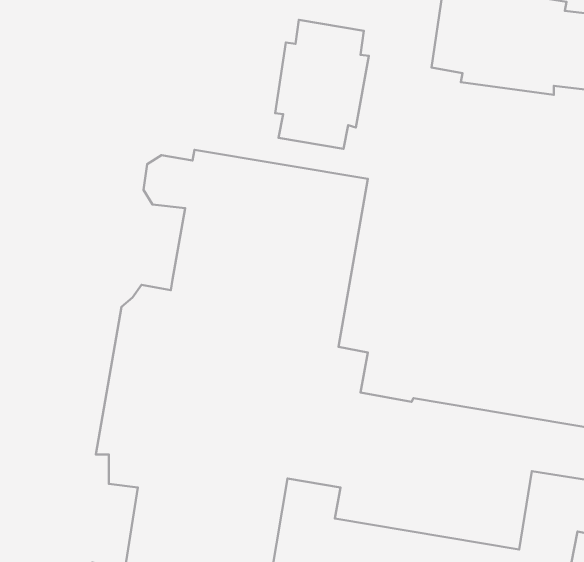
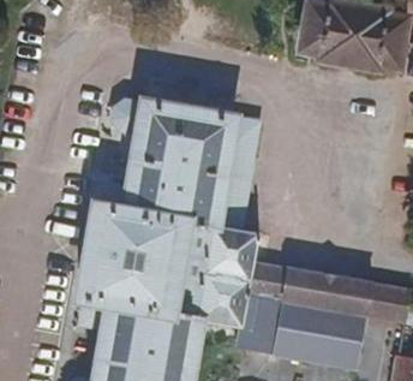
building: [275,20,369,149] -> none

